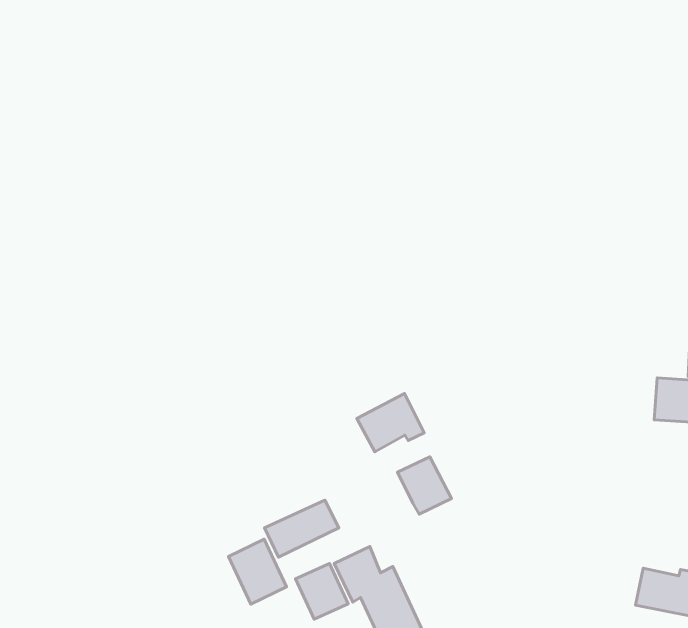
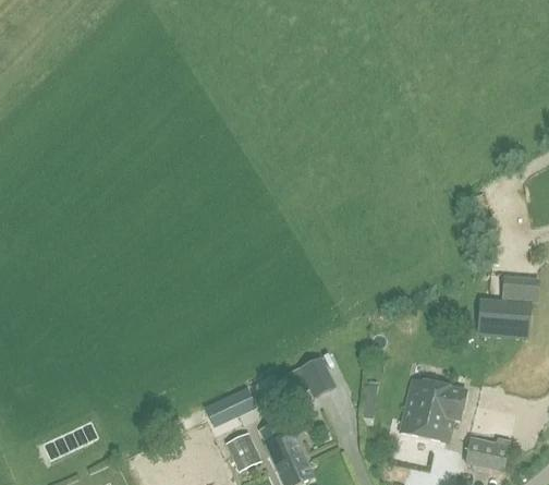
building: [357,394,424,452] -> none
building: none -> [402,379,467,442]
building: [228,539,287,604] -> none

